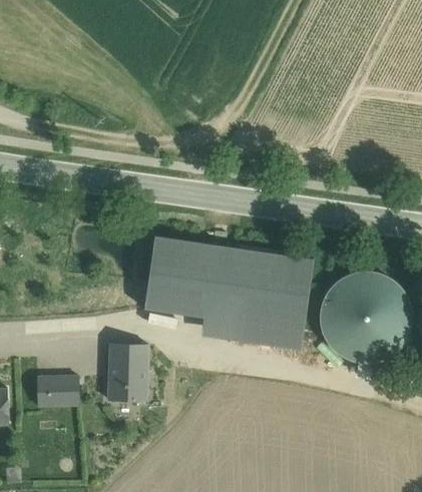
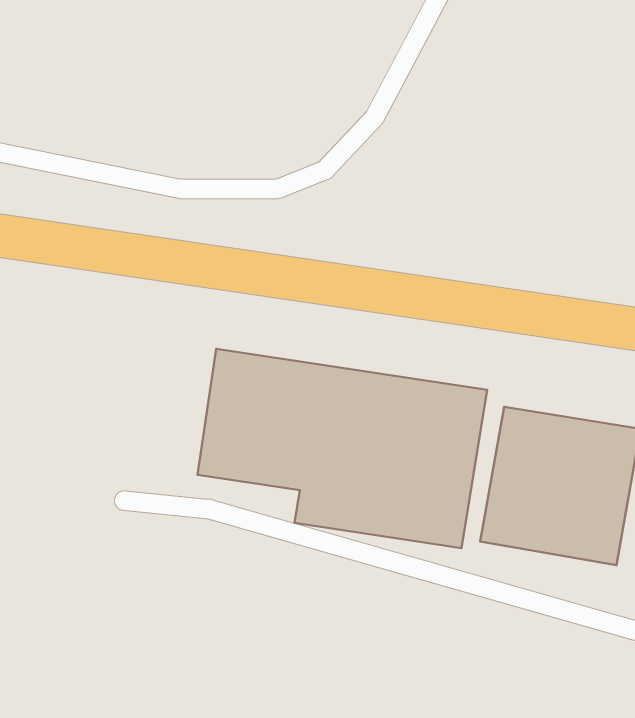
building: [108,344,149,401] -> none
building: [37,375,80,406] -> none

